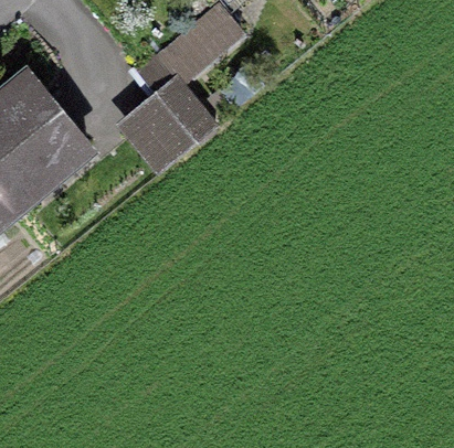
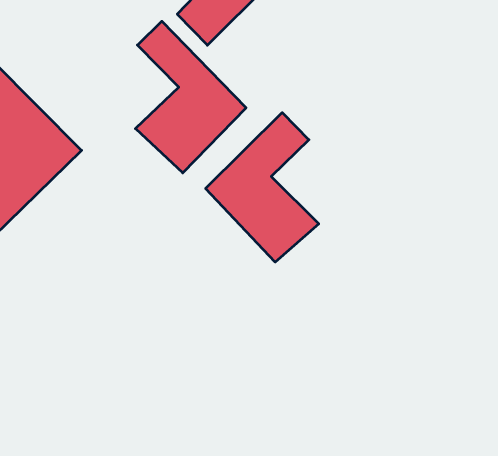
building: none -> [206,113,319,262]

